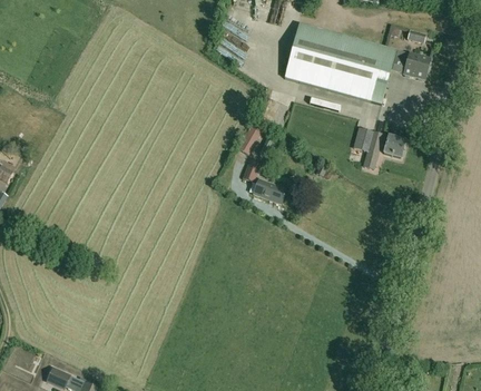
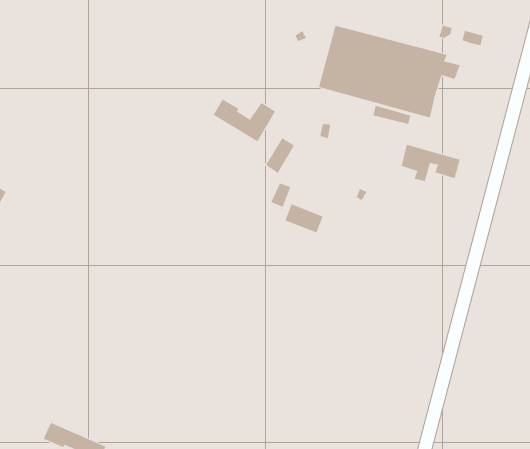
building: [402,51,431,78] -> none
building: none -> [213,98,276,142]

